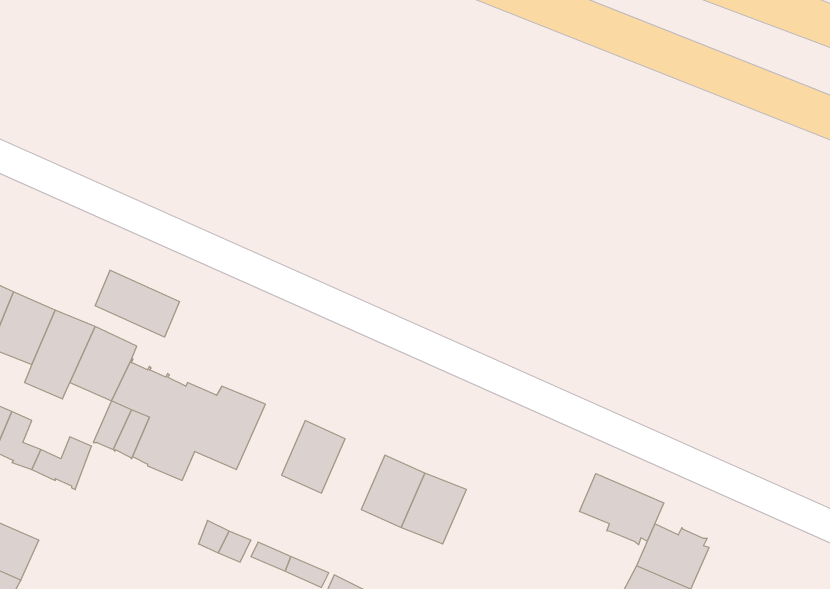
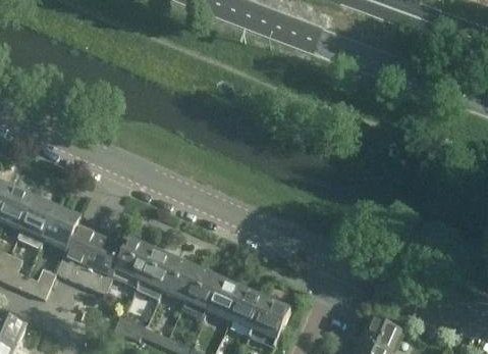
building: [95,270,179,337] -> none
building: none -> [133,247,173,296]
building: none -> [178,266,218,315]
building: [580,474,664,545] -> none
building: none -> [248,295,289,343]

